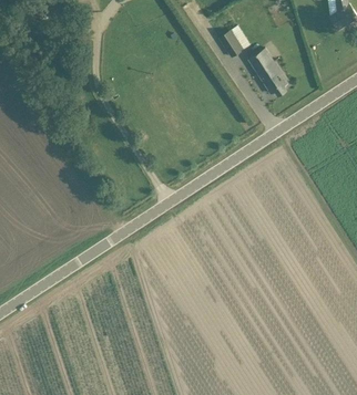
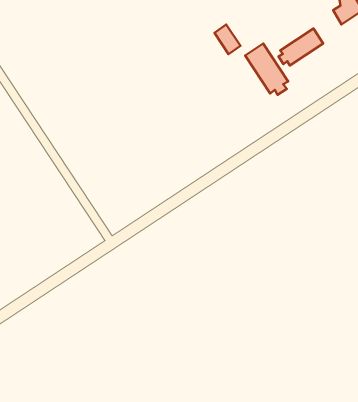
building: none -> [278,29,323,65]

